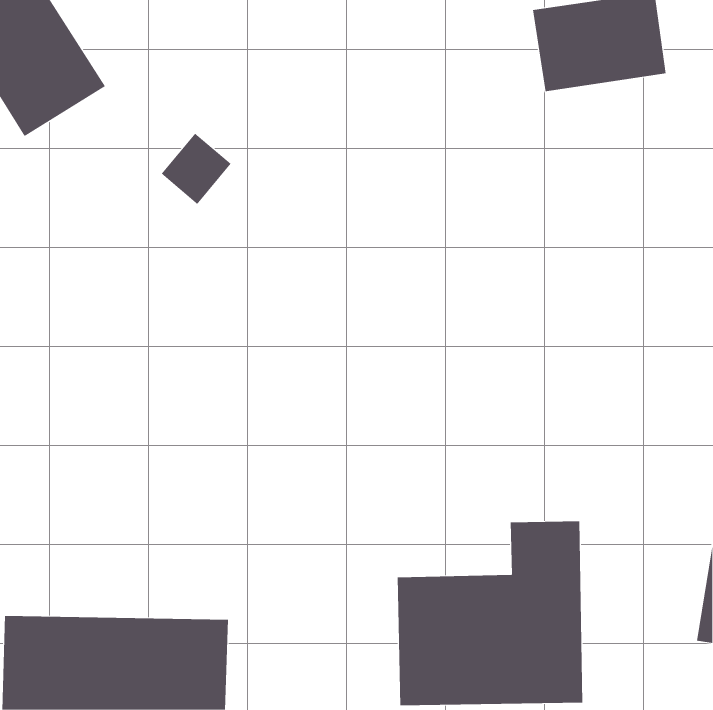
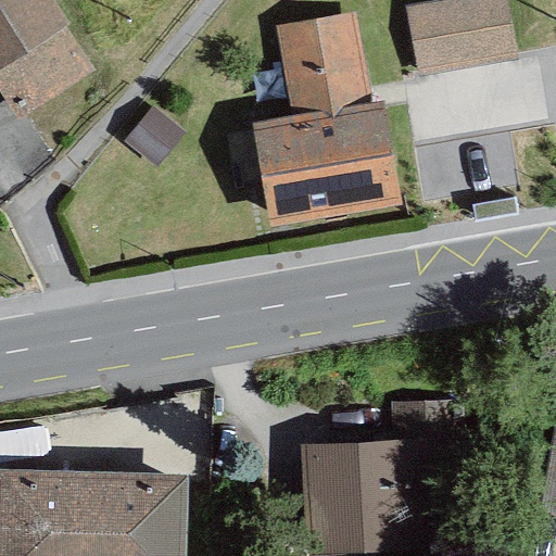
building: none -> [254,17,393,219]

